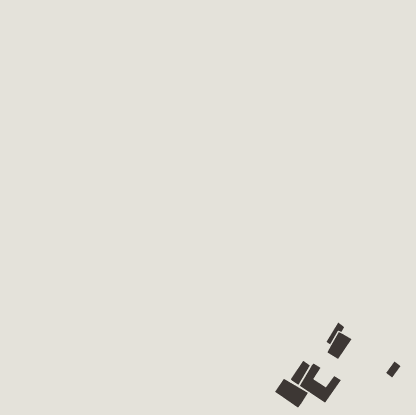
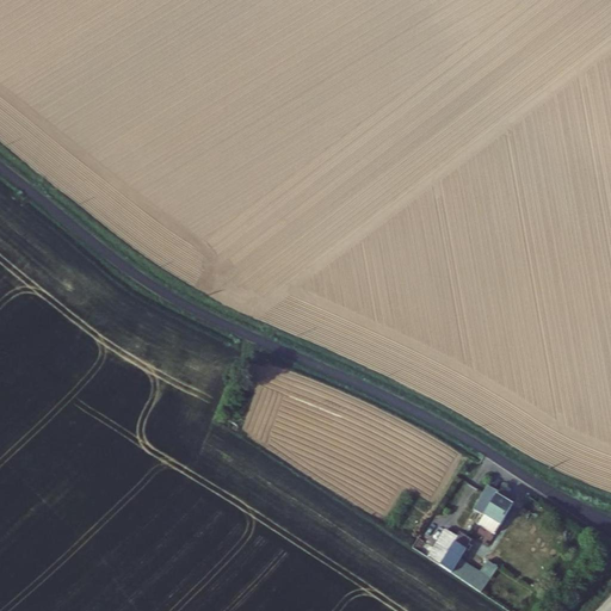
building: [274,378,309,409] -> none

